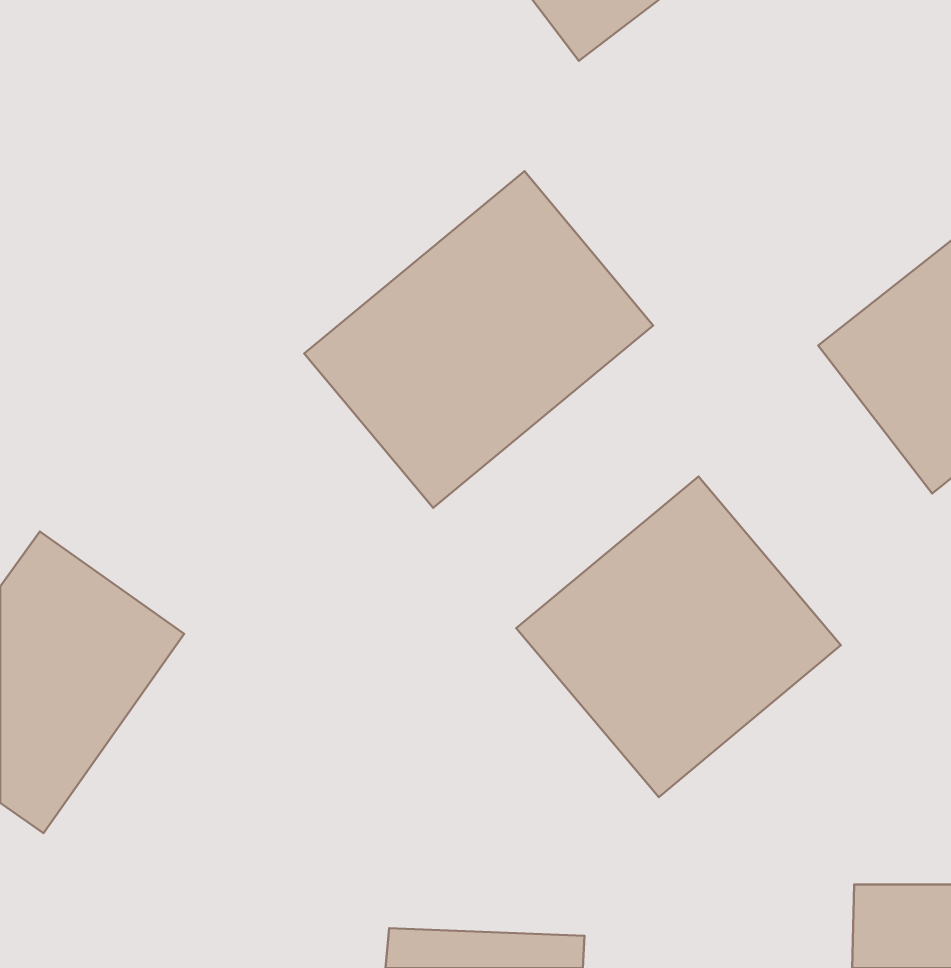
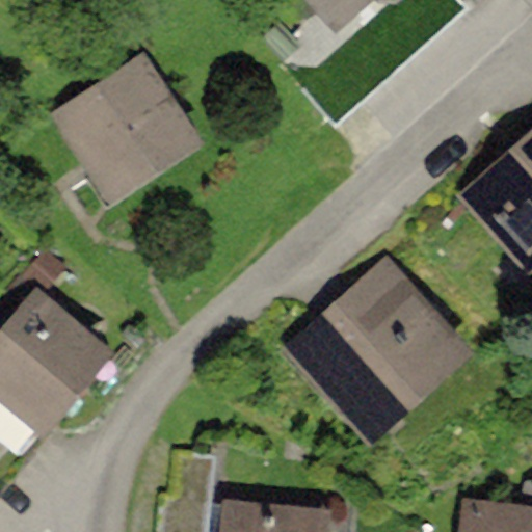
building: none -> [57,59,196,197]
building: [304,171,653,508] -> none

